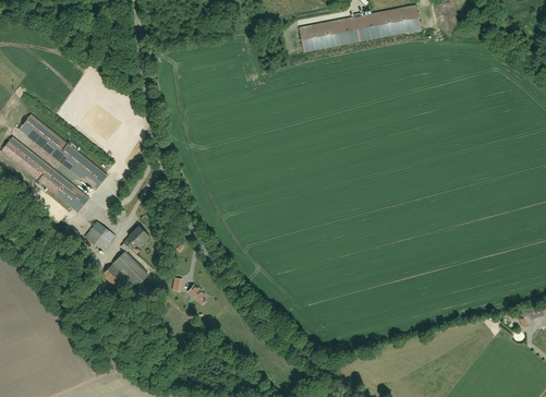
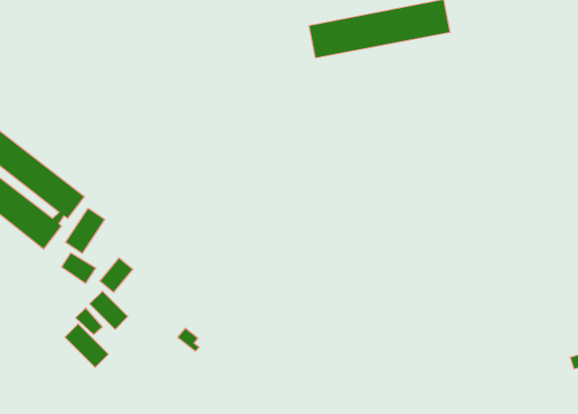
building: none -> [66,208,105,253]
building: none -> [65,324,108,367]

